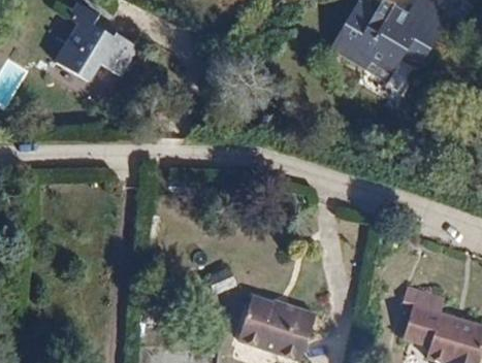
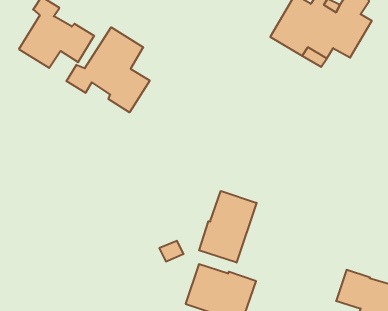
building: none -> [66,27,150,112]
building: none -> [199,191,257,263]

